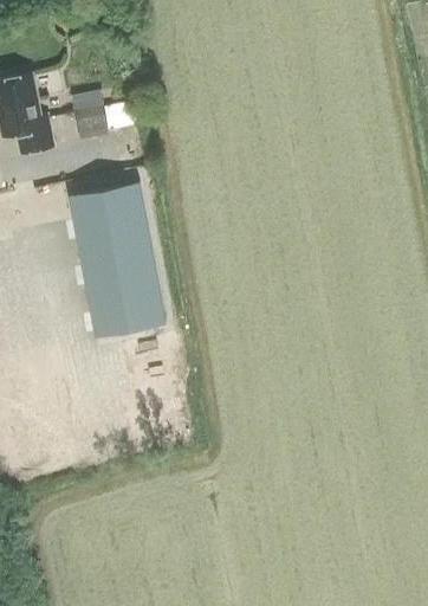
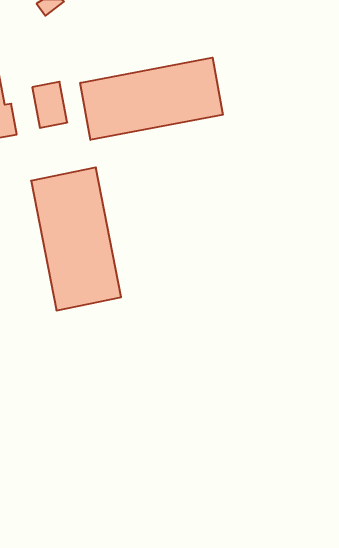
building: none -> [80,58,223,140]

